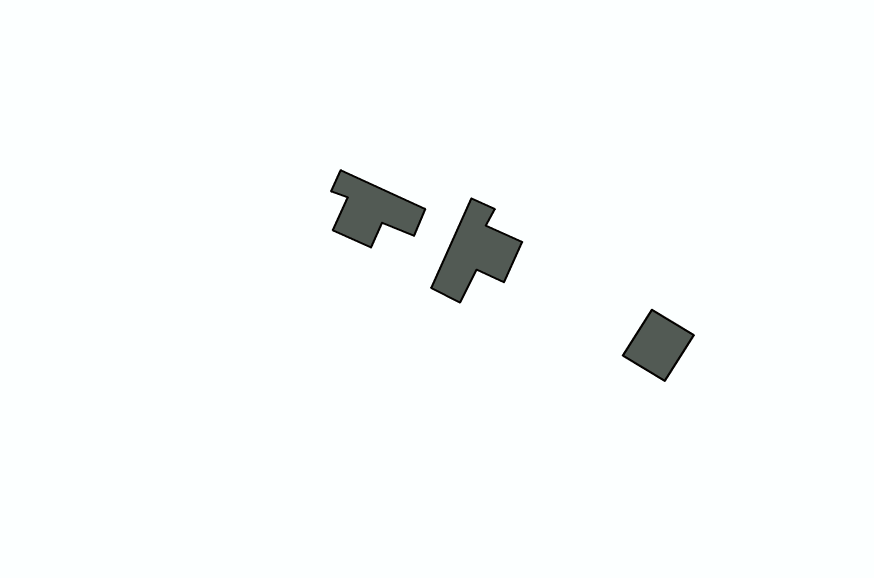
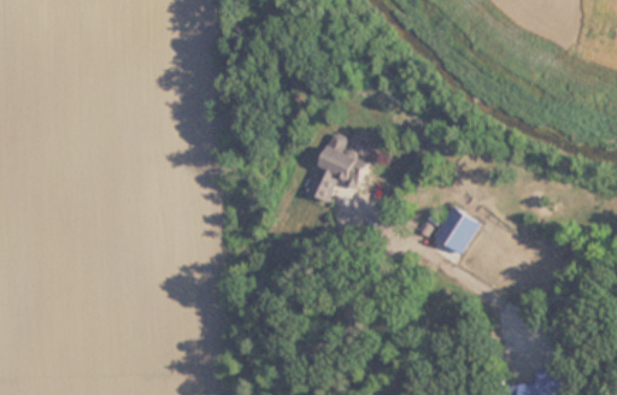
building: [331,170,425,248] -> none

